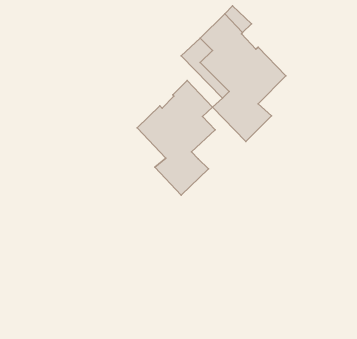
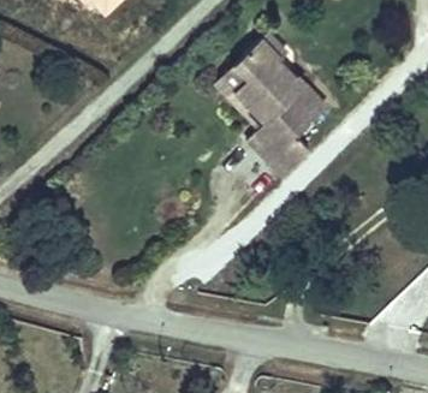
building: [137,80,215,195] -> none

